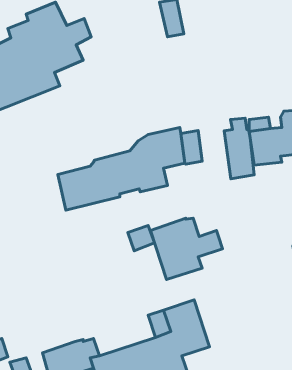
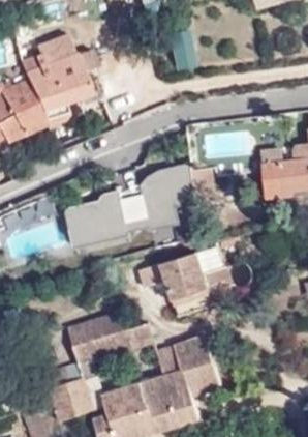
building: [224,118,254,179] -> none
building: none -> [67,313,153,365]

